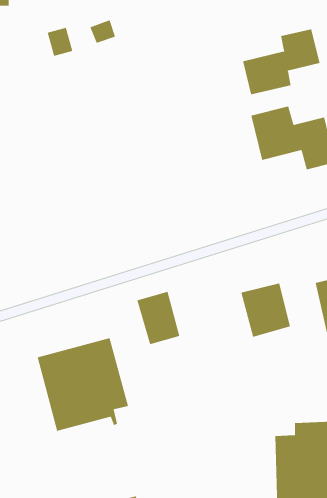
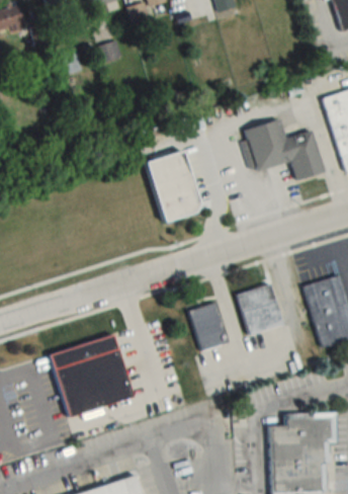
building: [243,28,320,95] -> none
building: none -> [145,150,201,221]
building: [136,291,180,345] -> [187,301,228,350]

